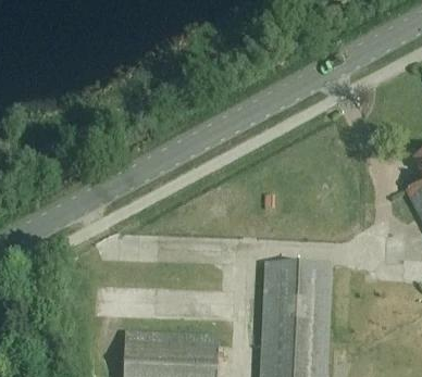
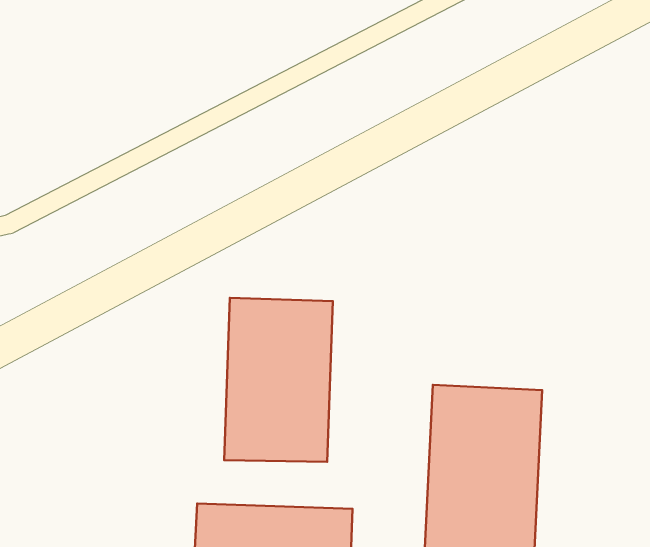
building: none -> [224,298,333,462]

